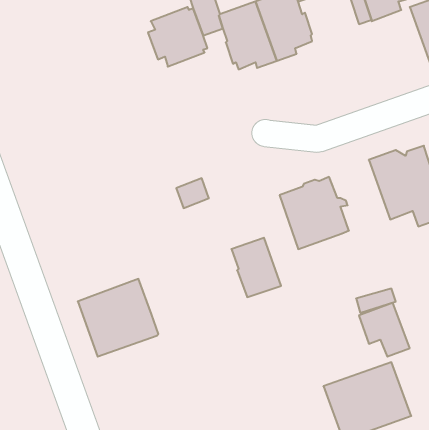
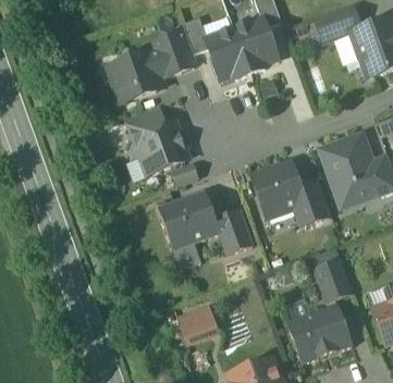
building: none -> [113,51,161,103]
building: none -> [126,103,188,174]
building: none -> [299,178,331,224]
building: [78,279,158,357] -> [159,190,221,250]
building: none -> [179,307,216,338]

